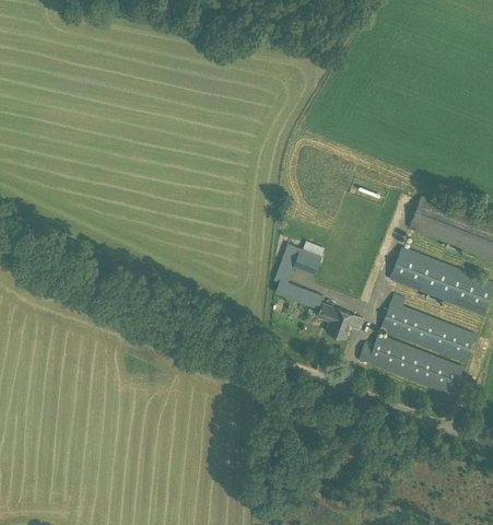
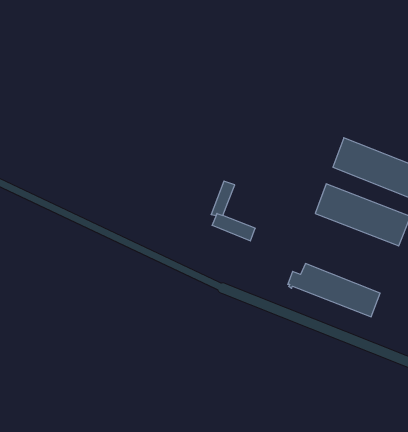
building: [292,247,321,275] -> none
building: [379,293,476,362] -> none
building: [318,302,363,337] -> none

